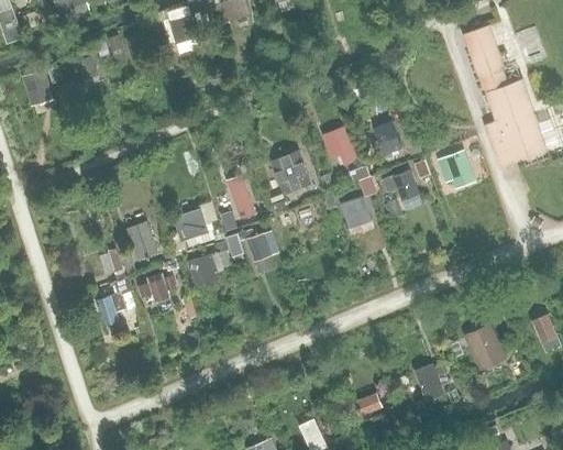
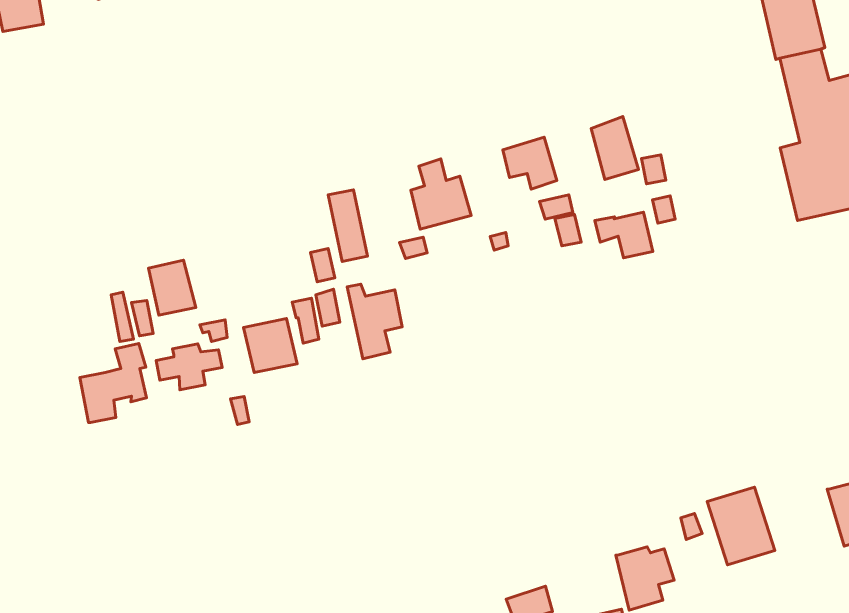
building: [438,150,472,180] -> none
building: [341,196,371,228] -> none
building: [173,207,209,241] -> none

